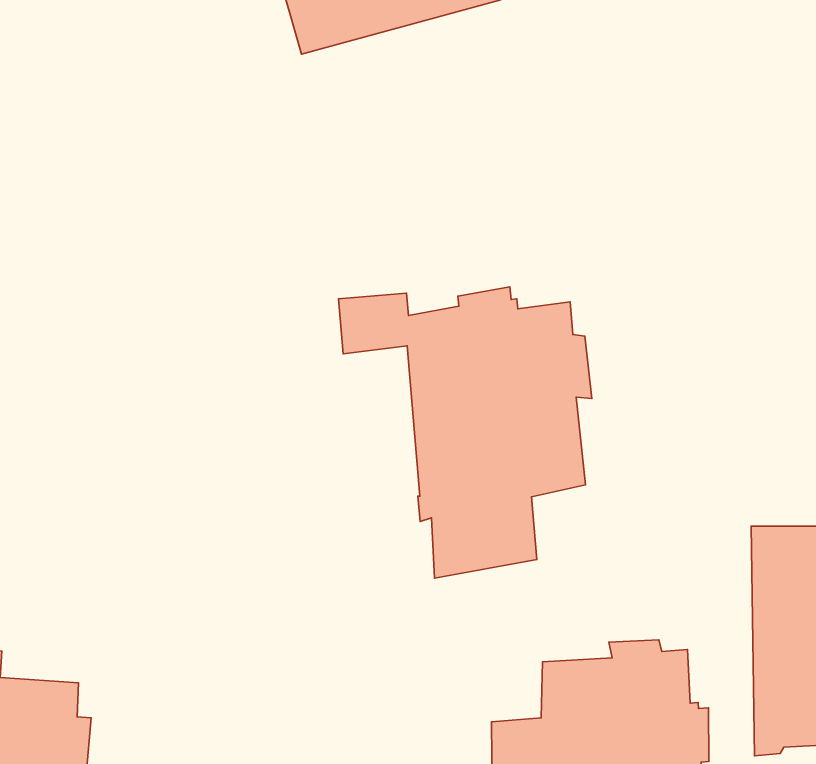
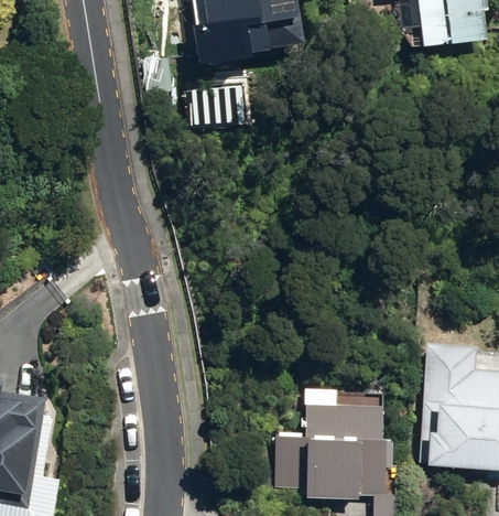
building: [339,287,592,578] -> none

